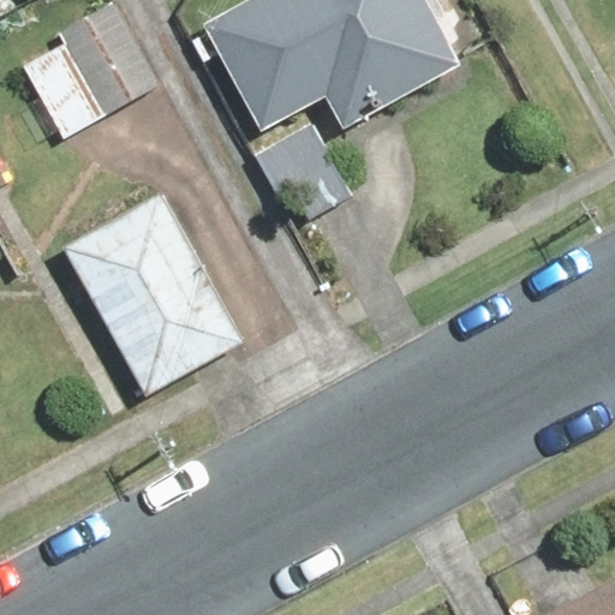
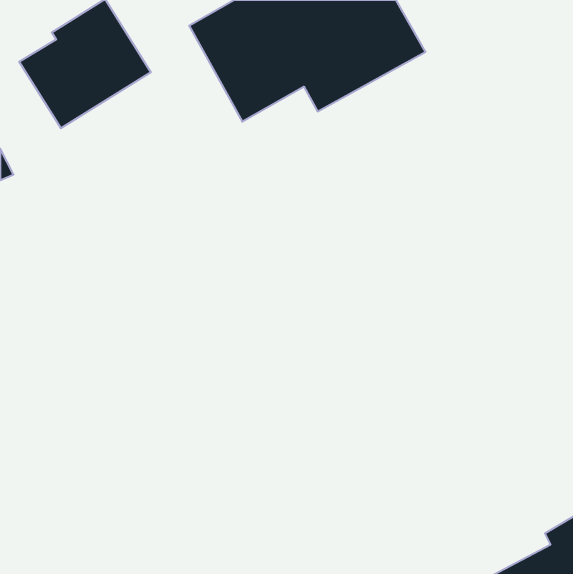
building: [61,192,245,396] -> none

